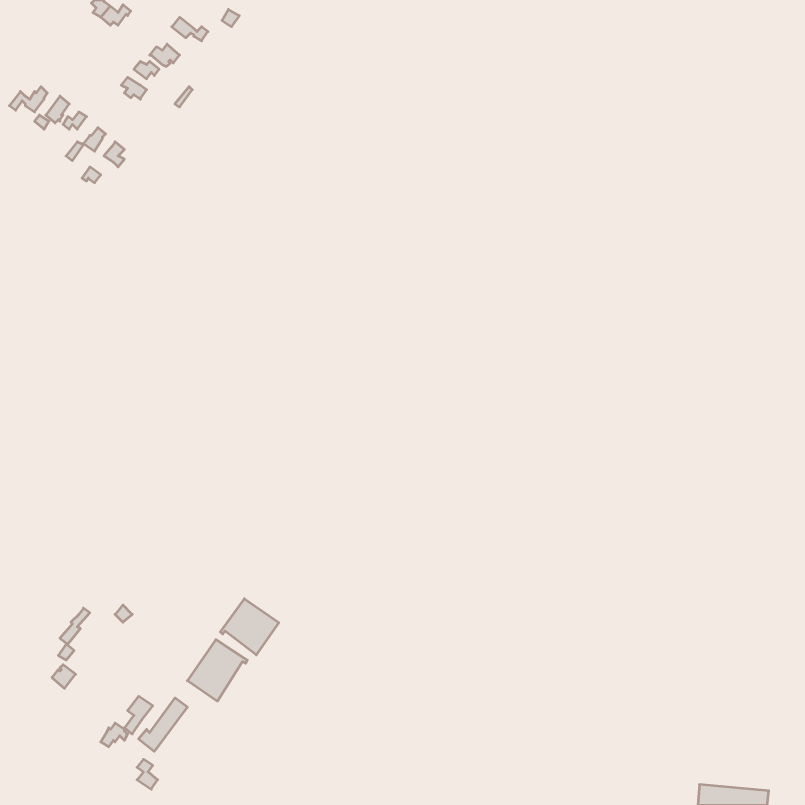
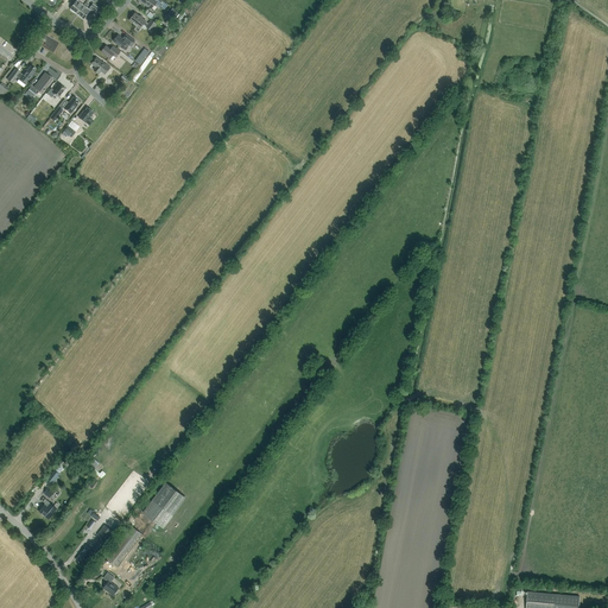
building: [220,599,279,655] -> none

